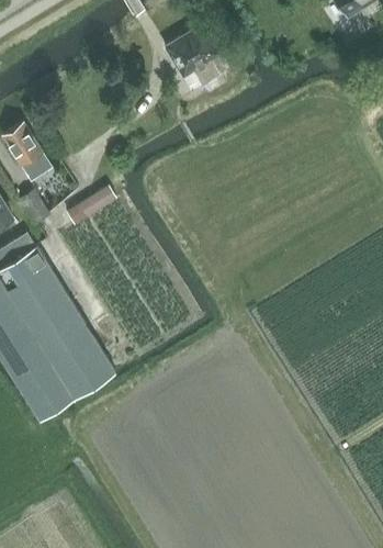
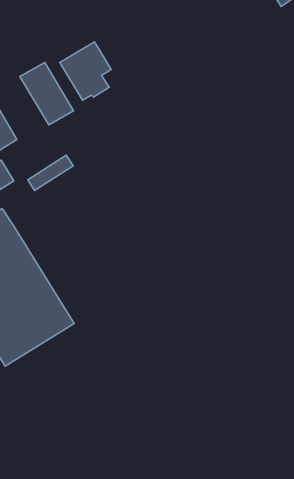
building: [165,24,222,89] -> [60,42,111,100]
building: none -> [20,62,74,125]

